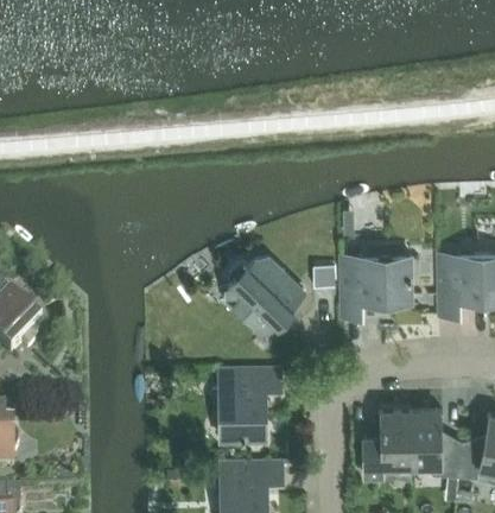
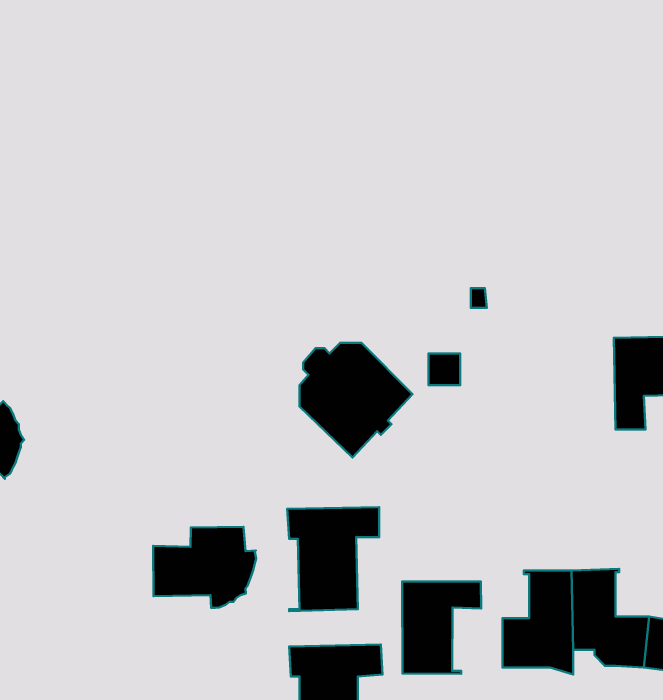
building: [341,254,411,317] -> none
building: none -> [153,527,256,608]
building: none -> [402,581,481,674]

